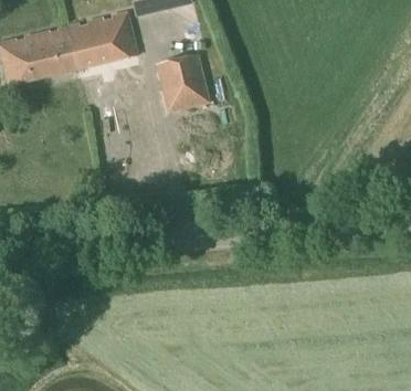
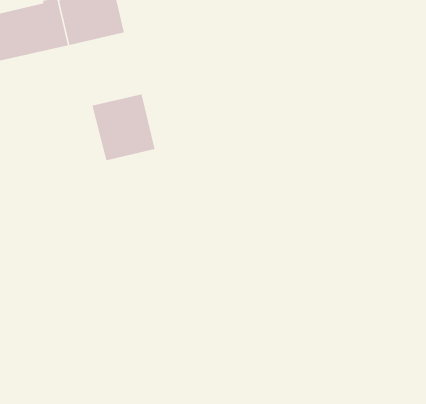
building: [155,55,209,113] -> [91,93,155,161]

